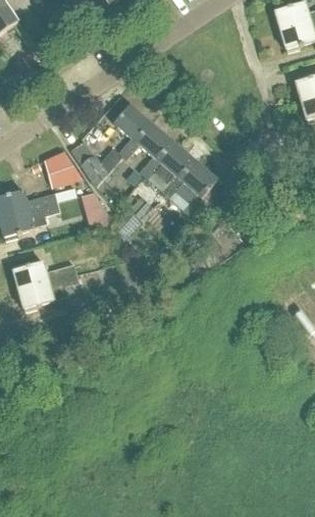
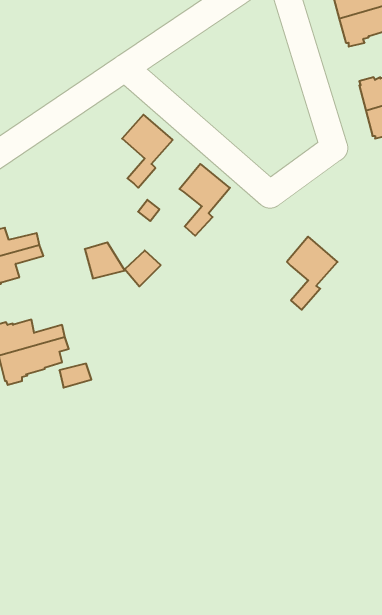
building: [136,123,173,178] -> none
building: [70,141,122,188] -> none
building: [46,151,82,186] -> none
building: [179,160,218,216] -> [287,237,338,310]

